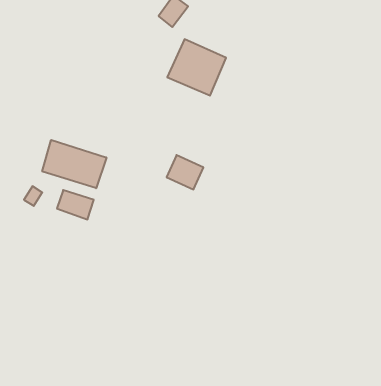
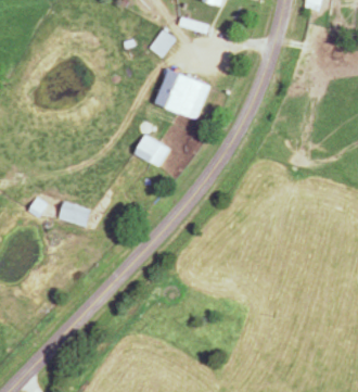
building: [42,140,106,188] -> none
building: [167,155,203,189] -> [135,136,167,166]

